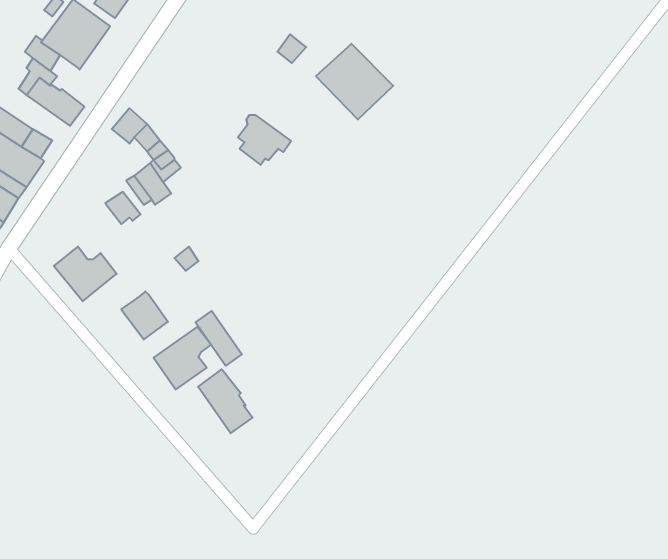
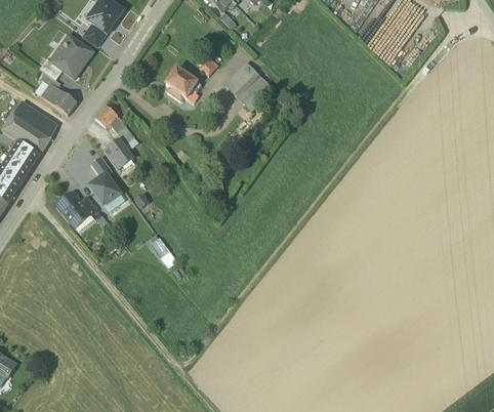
building: [238,115,291,165] -> [166,69,200,100]
building: [121,291,168,340] -> [90,173,120,204]
building: [154,327,211,390] -> none
building: [198,369,252,433] -> none

